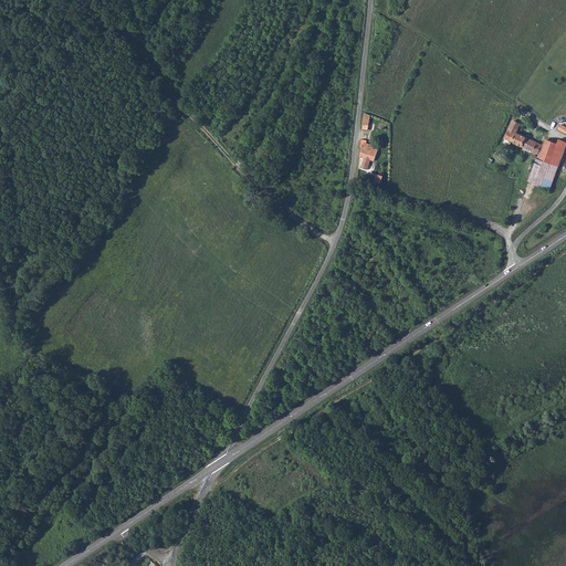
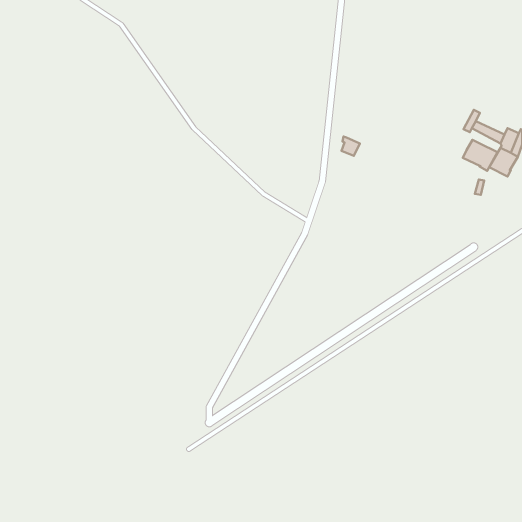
building: none -> [463,140,498,171]

